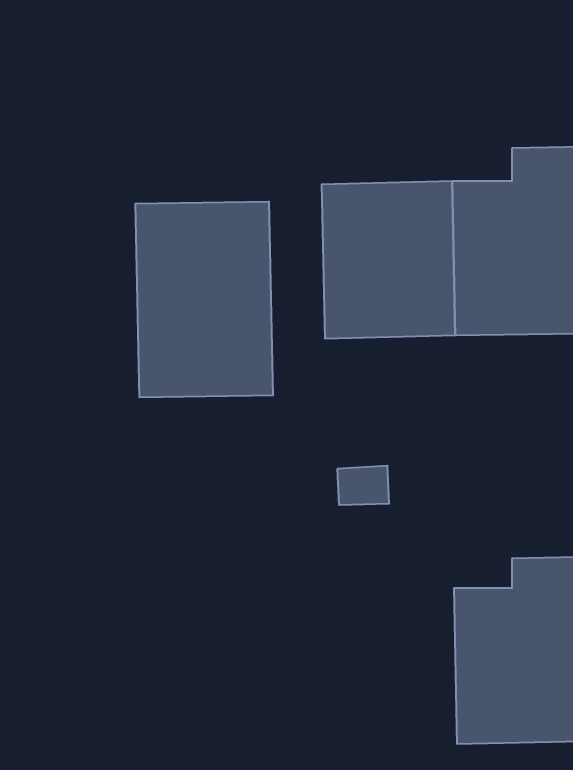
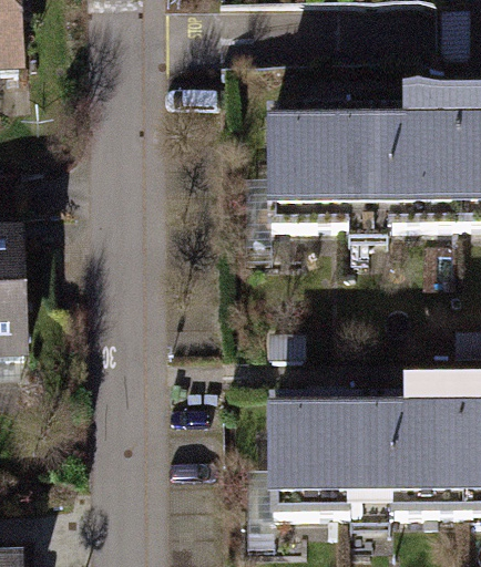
building: [135,201,273,397] -> none
building: none -> [264,416,358,527]

